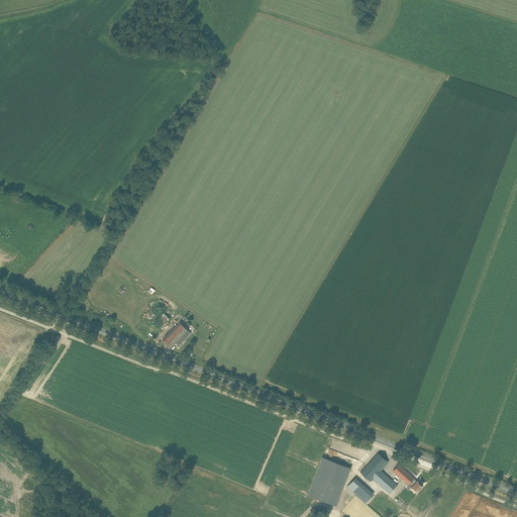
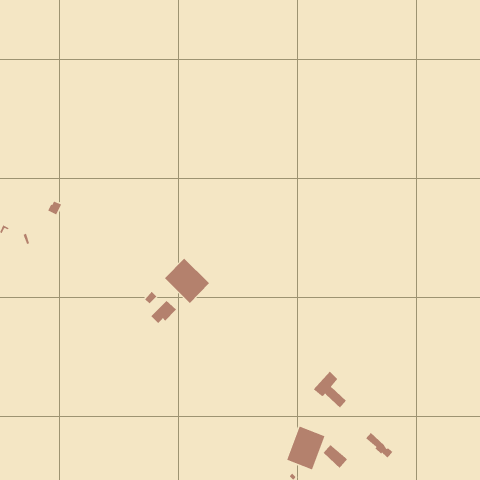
building: none -> [164,258,210,304]
building: [359,453,396,494] -> [313,371,347,408]

